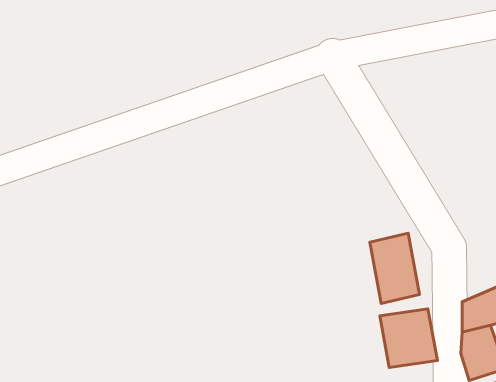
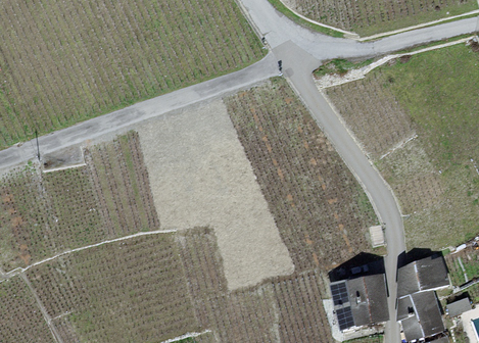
building: [370,233,419,304] -> none

